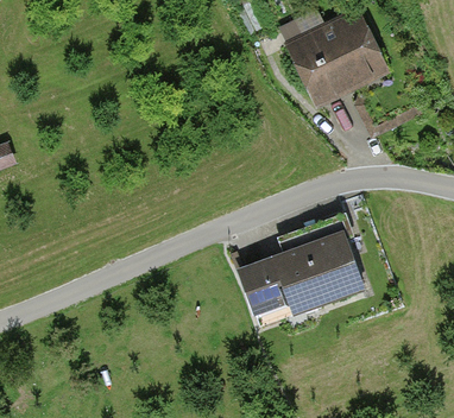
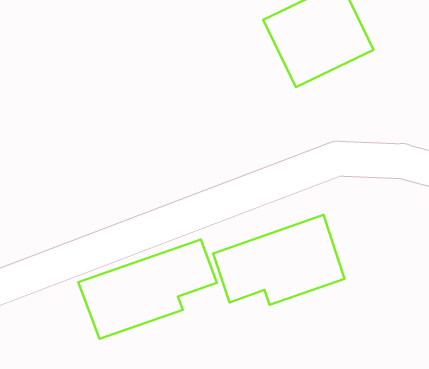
building: none -> [78,239,217,339]

